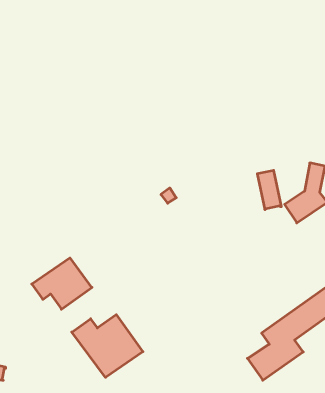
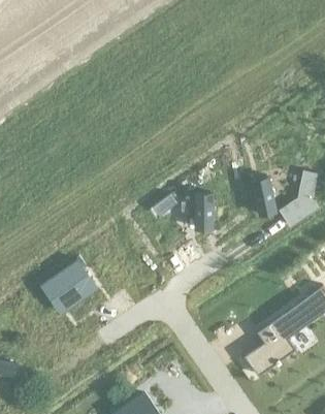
building: none -> [181,193,212,228]
building: [72,315,143,377] -> none

